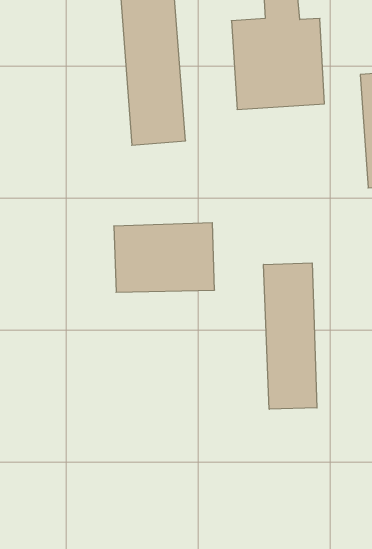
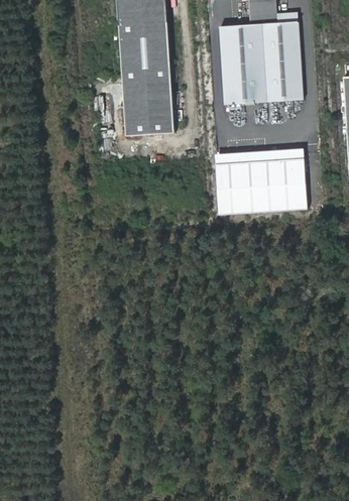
building: [114,223,215,292] -> [216,150,307,213]
building: [264,263,317,409] -> none

